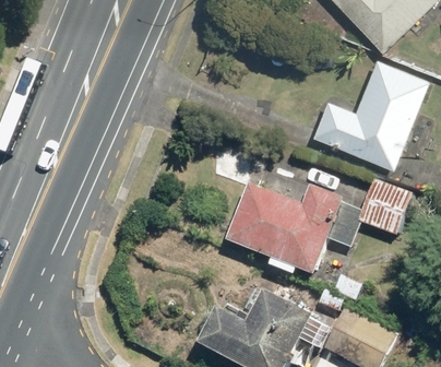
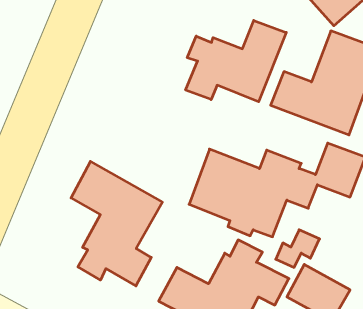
building: none -> [186,20,286,102]
building: none -> [71,161,162,286]

